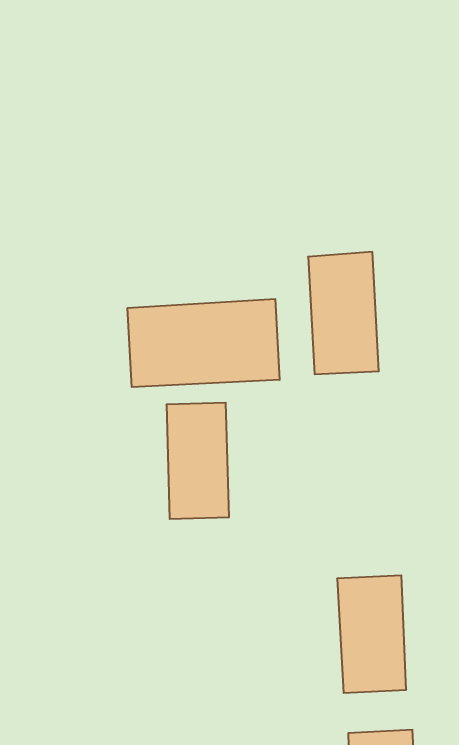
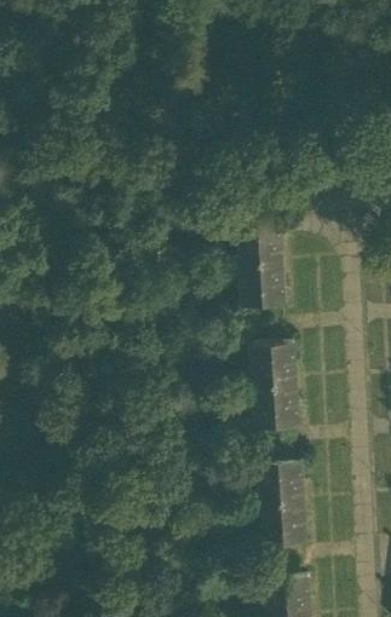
building: [128,299,280,387] -> none
building: [166,403,229,519] -> [254,344,301,431]

